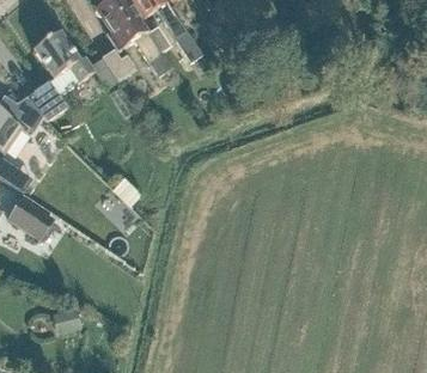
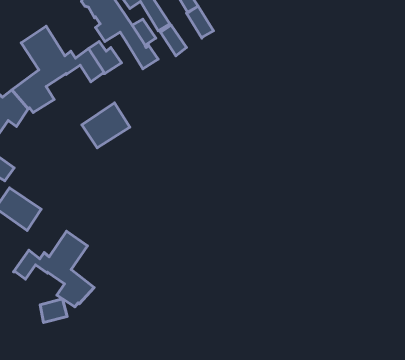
building: none -> [82,103,130,148]
building: none -> [14,231,94,307]

